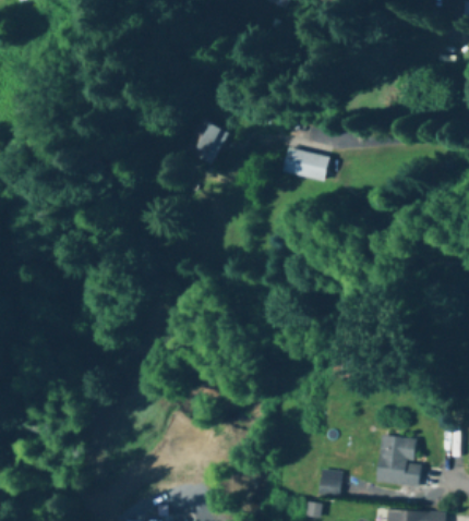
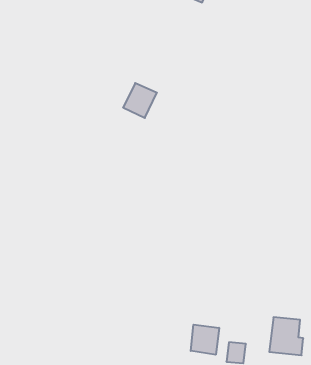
building: [282,147,329,182] -> none
building: none -> [191,325,219,355]

